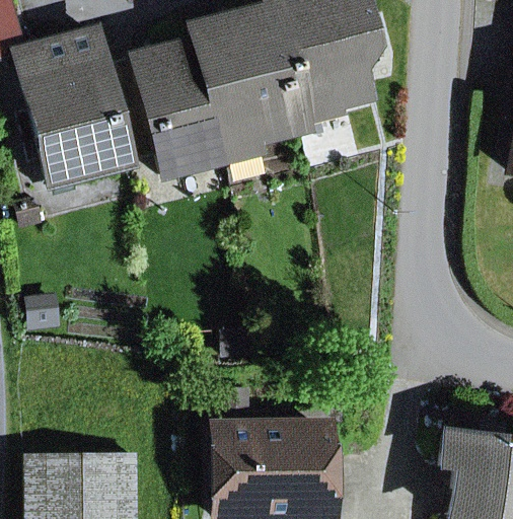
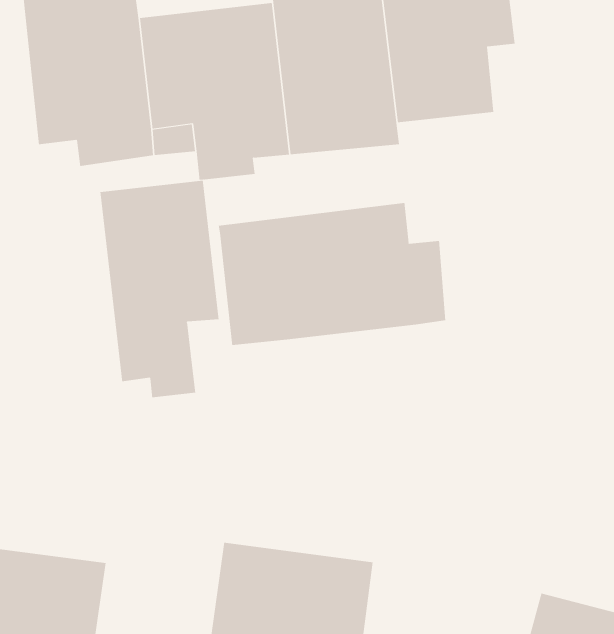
building: none -> [218,202,446,346]
building: none -> [100,180,219,398]

